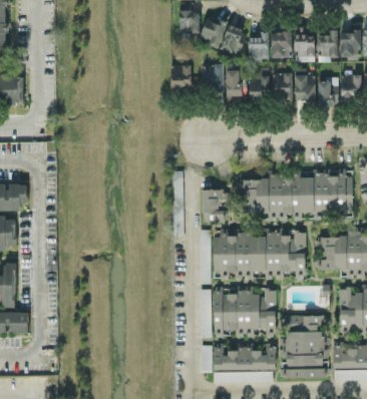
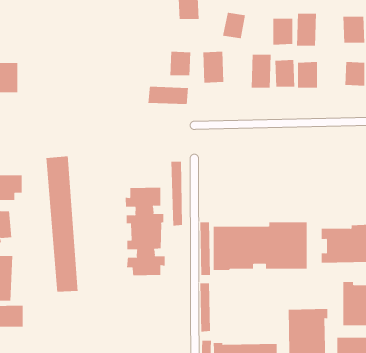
building: [200,19,226,49] -> none
building: [317,30,337,60] -> none
building: [249,32,269,59] -> none
building: [226,69,247,103] -> none
building: [317,79,339,107] -> none
building: none -> [148,86,189,105]
building: none -> [46,156,78,292]
building: [241,170,353,219] -> none
building: [202,189,224,223] -> none
building: none -> [125,187,165,276]
building: [214,289,276,338] -> none

